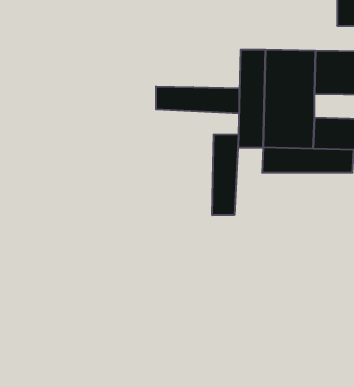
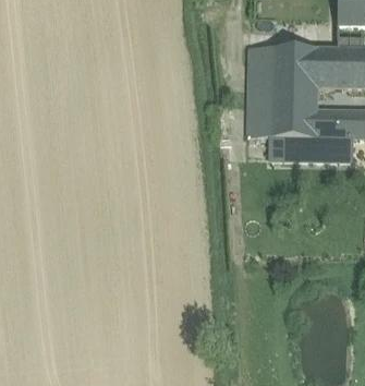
building: [156,86,239,114] -> none
building: [212,134,239,215] -> none

